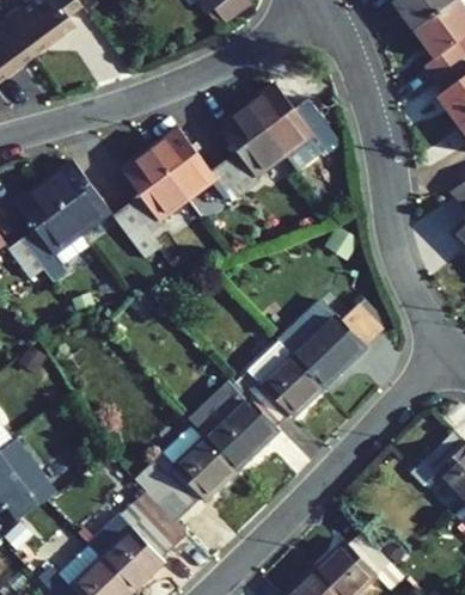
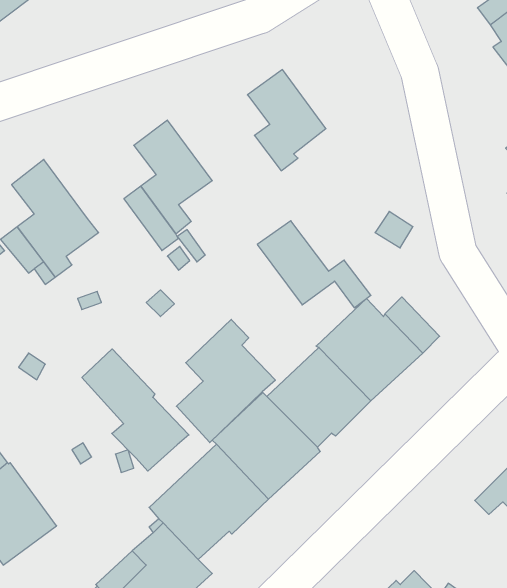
building: [247,85,341,173] -> none
building: [149,129,246,203] -> [257,221,371,308]
building: [44,161,110,233] -> none
building: none -> [176,319,275,443]
building: none -> [82,349,189,471]

